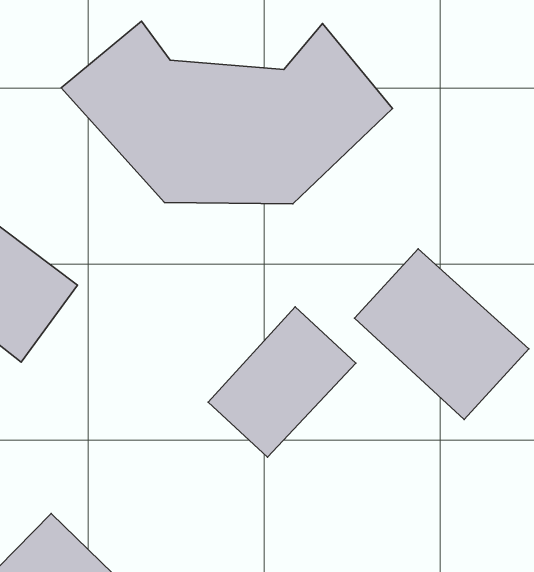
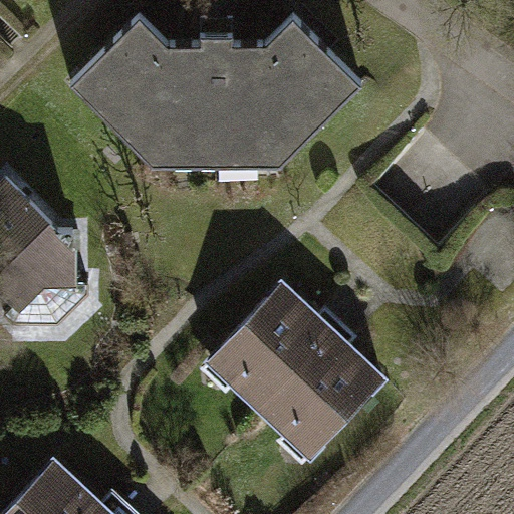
building: [354,249,529,420] -> none
building: none -> [250,319,381,452]

